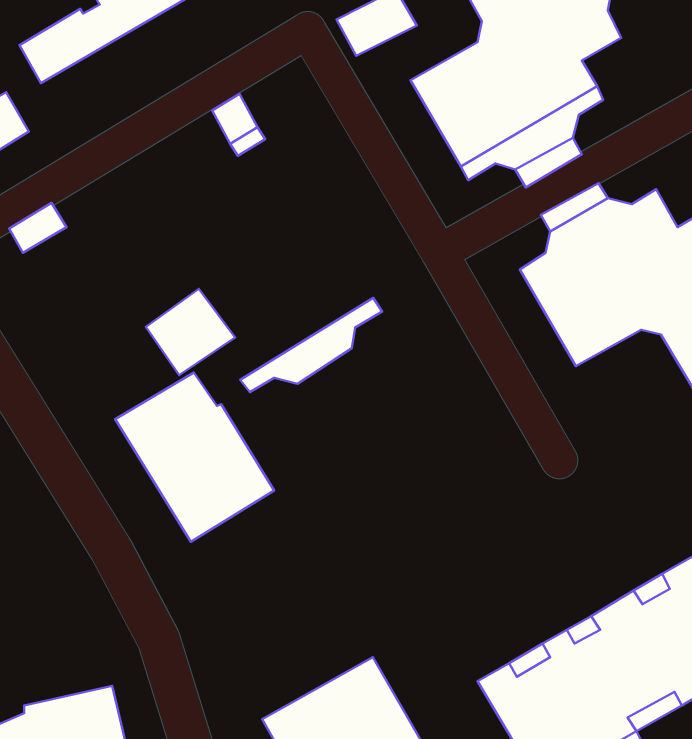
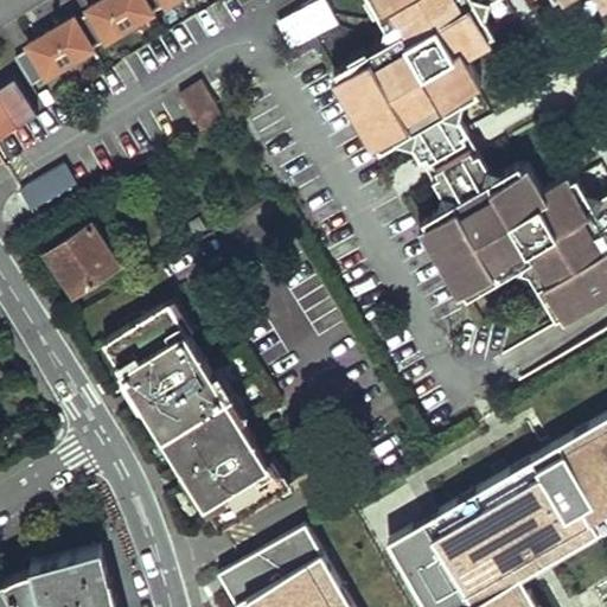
building: [146,289,235,375] -> [47,228,117,295]
building: [240,298,382,392] -> none
building: none -> [160,398,277,529]

